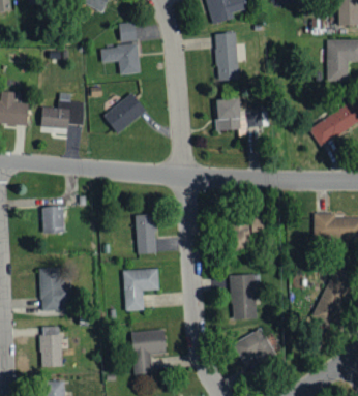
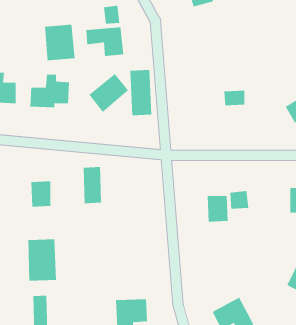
building: [215,32,239,81] -> [129,70,152,116]
building: none -> [45,24,75,61]
building: [216,99,241,130] -> none
building: [136,214,155,253] -> [83,166,102,204]
building: [123,269,158,310] -> none
building: [231,274,257,321] -> none

